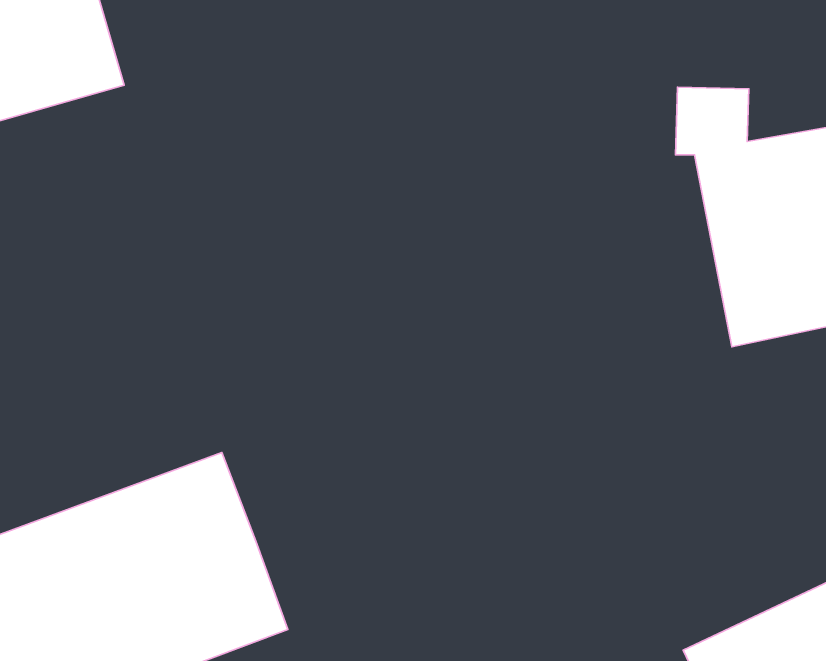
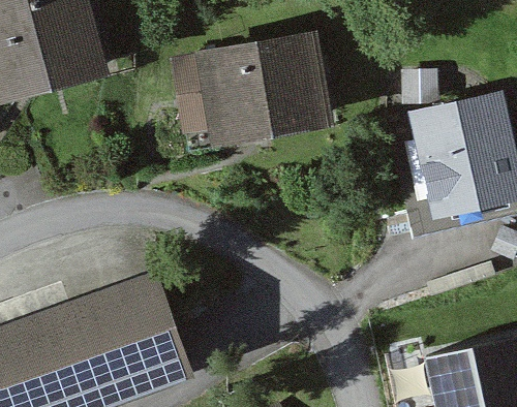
building: none -> [174,40,328,156]

